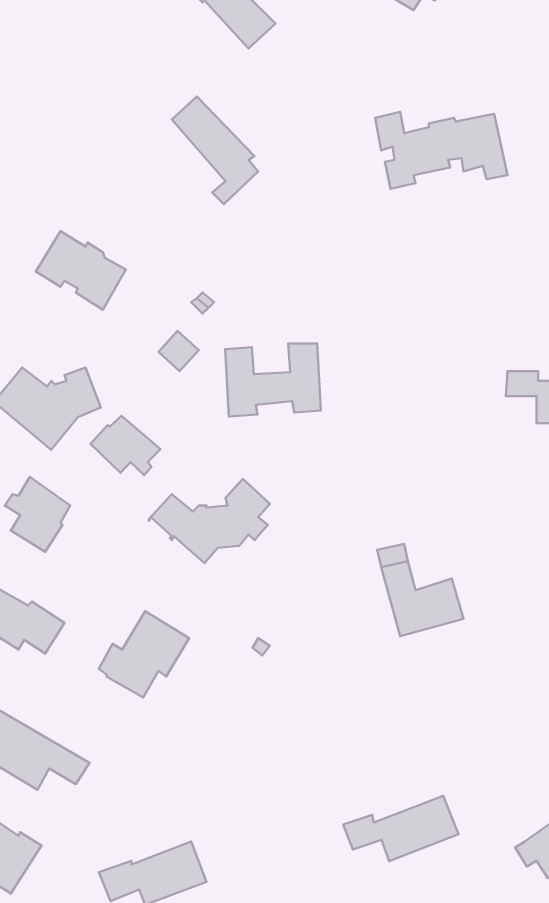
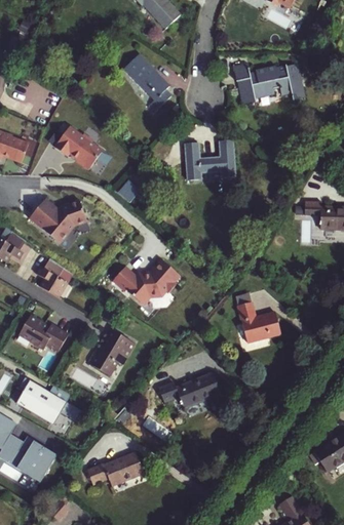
building: [225,343,321,416] -> [185,140,236,179]
building: [90,416,160,475] -> none
building: [343,796,458,861] -> [159,372,221,407]

